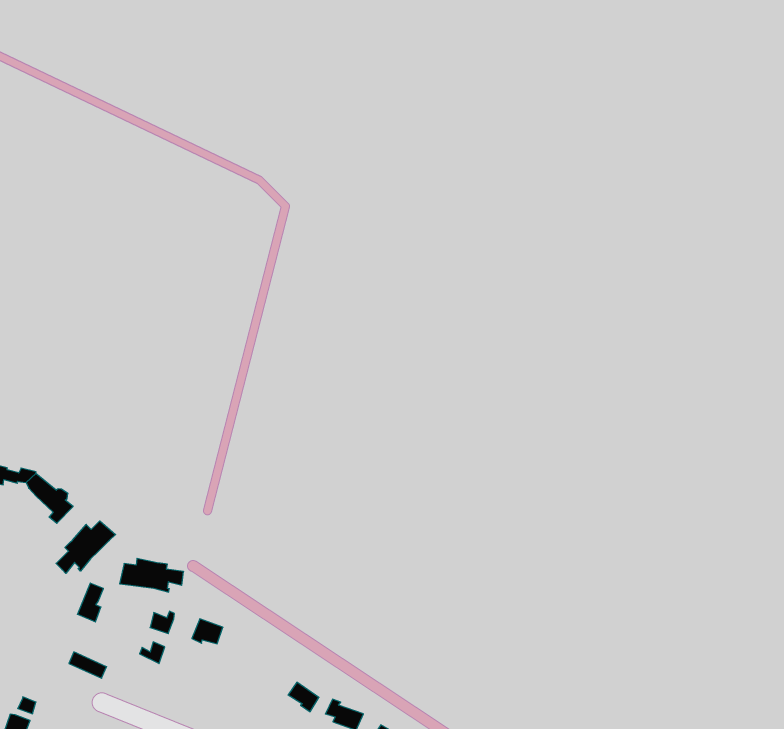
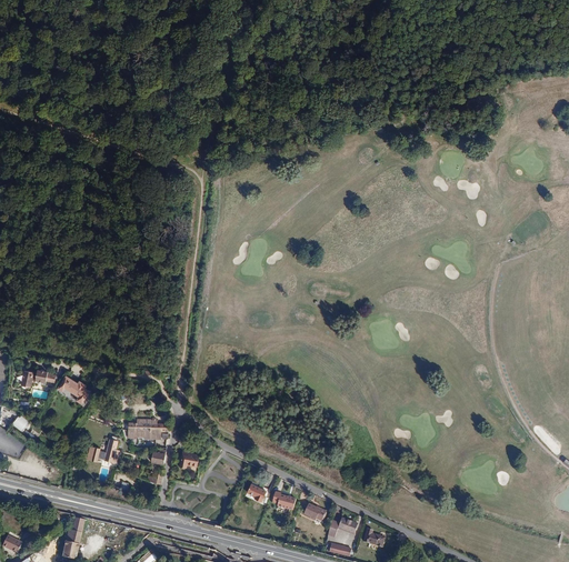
building: [56,521,116,573] -> none

